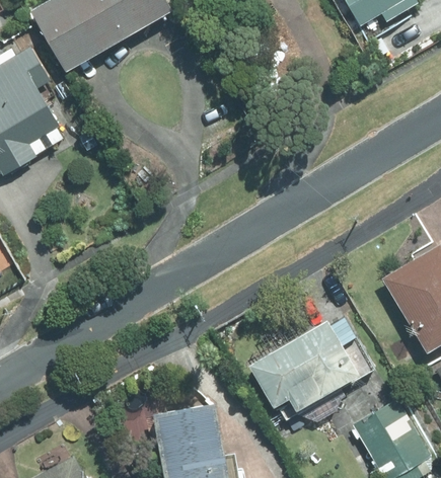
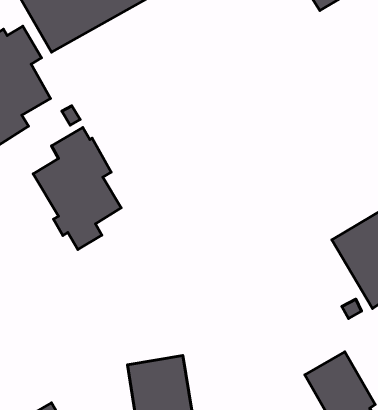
building: none -> [33,128,121,249]
building: [242,316,370,419] -> none

